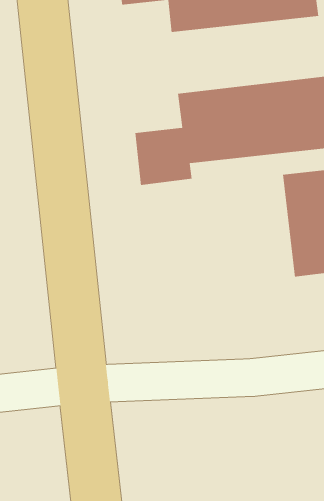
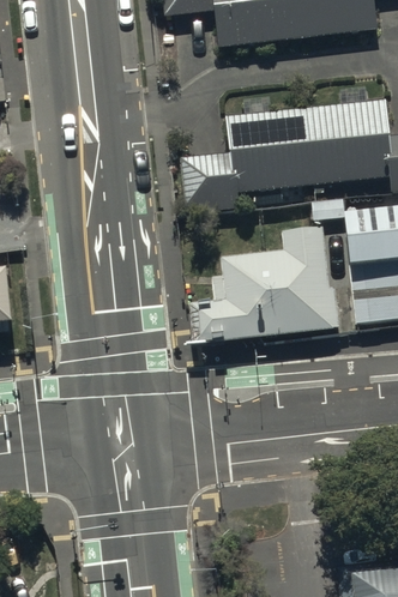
building: none -> [191,228,338,343]

